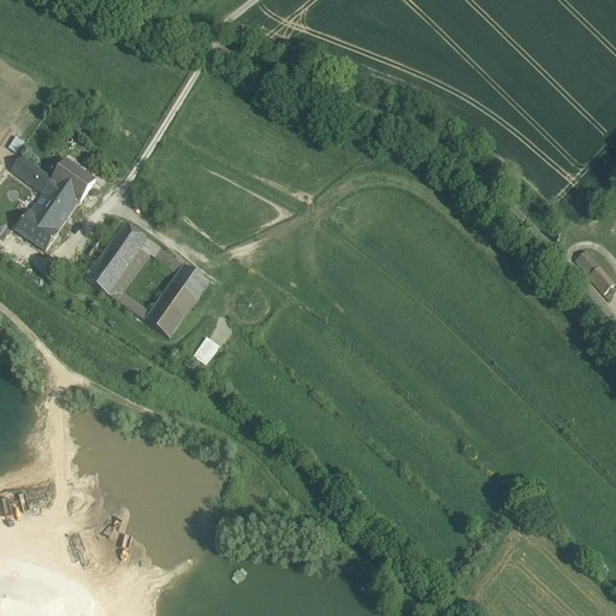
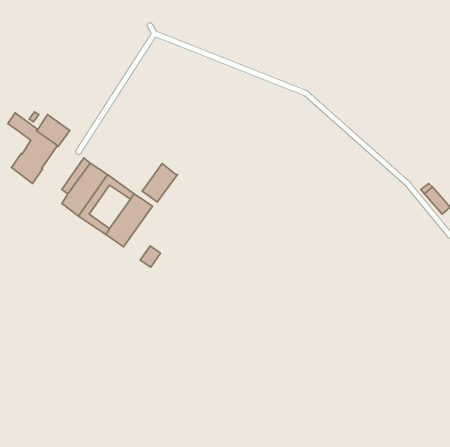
building: none -> [142,163,177,202]

